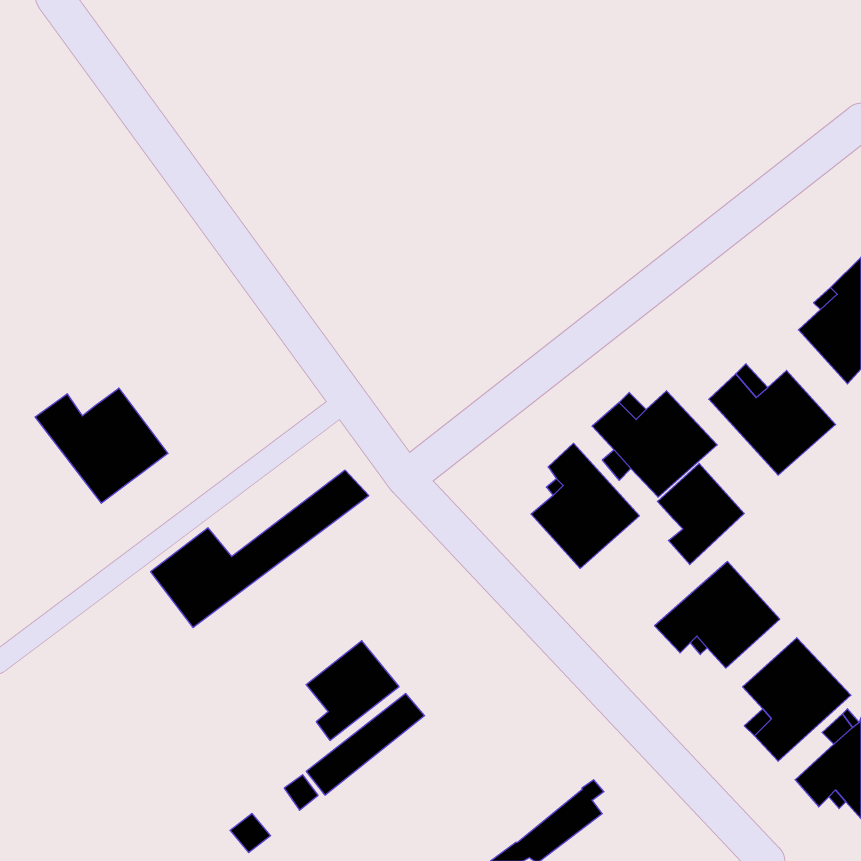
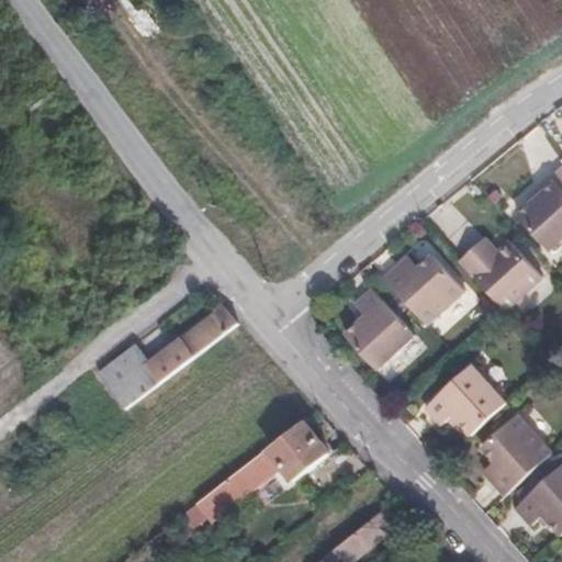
building: [35,388,168,503] -> none
building: [657,463,744,565] -> none
building: [306,641,399,740] -> [269,422,329,486]

